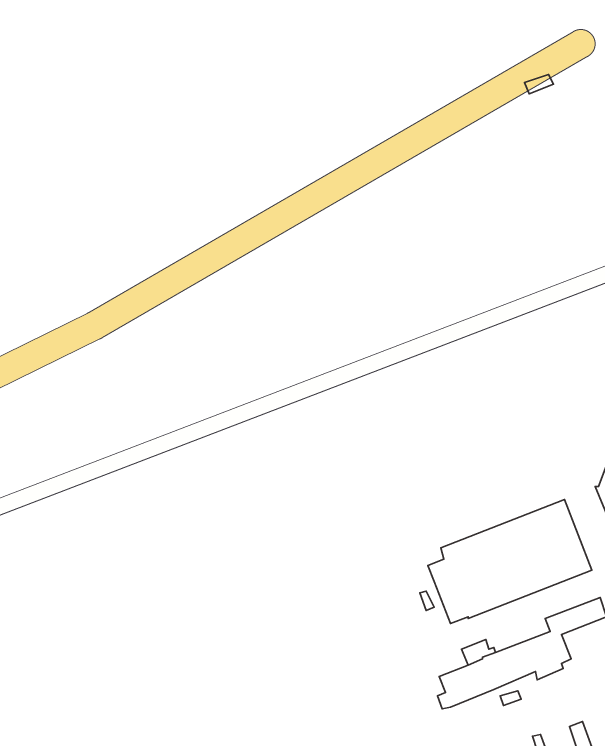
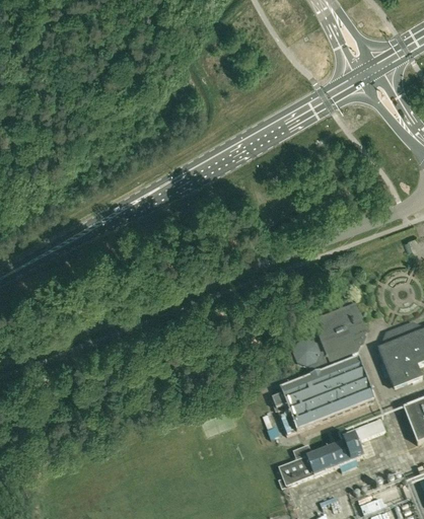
building: none -> [292,299,367,369]

